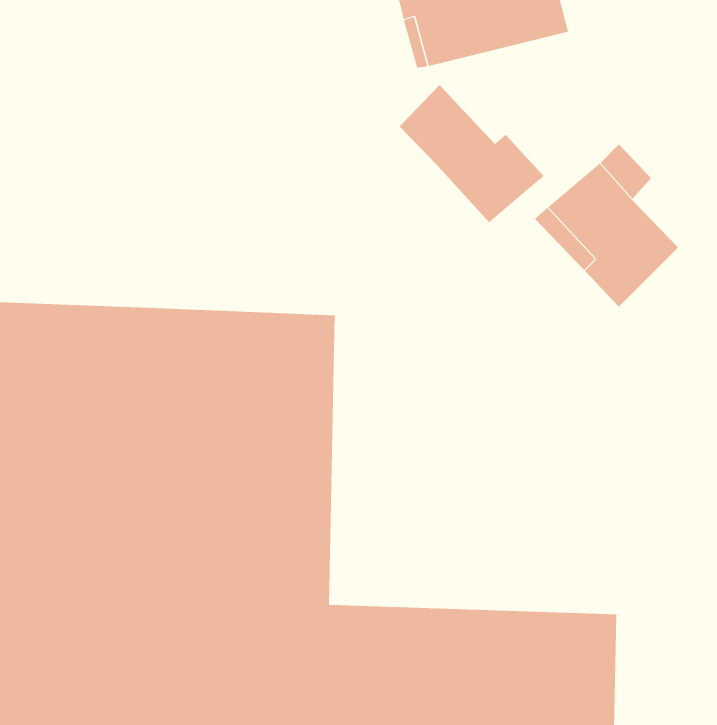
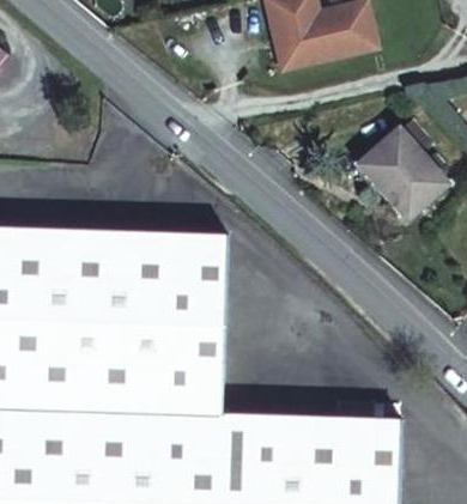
building: [399,84,544,223] -> none

